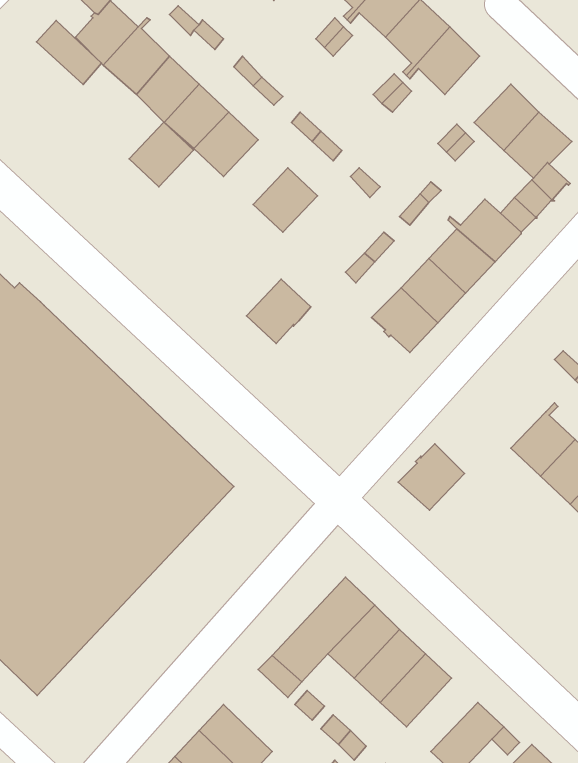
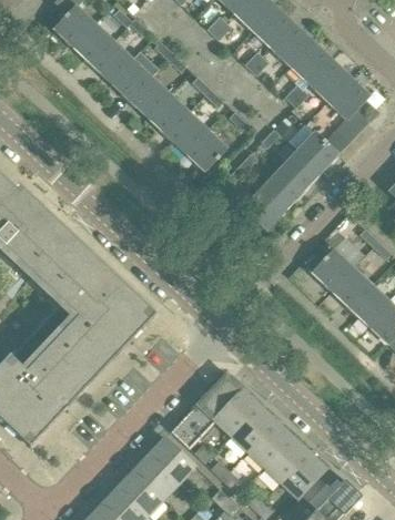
building: [36,21,102,84] -> none
building: none -> [288,40,331,82]
building: [129,122,194,187] -> [148,93,189,134]
building: [246,279,311,344] -> [185,129,226,170]
building: [398,444,464,510] -> [311,247,353,289]
building: none -> [148,436,194,482]
building: none -> [264,436,310,482]

